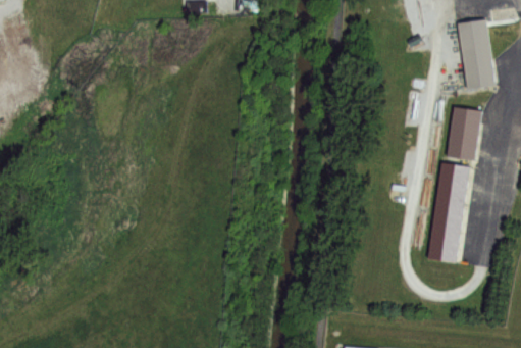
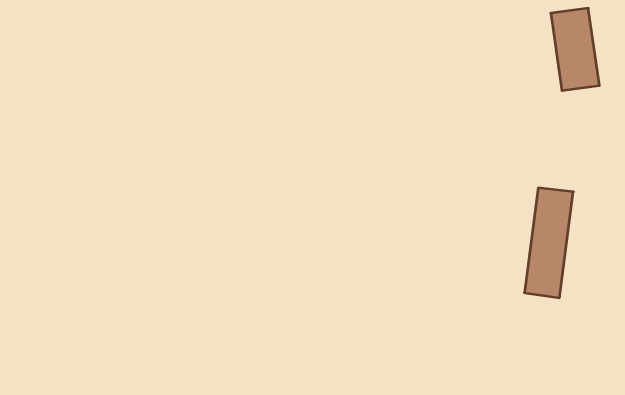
building: [447,106,480,161] -> none

